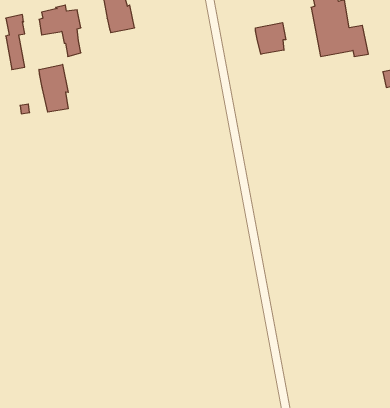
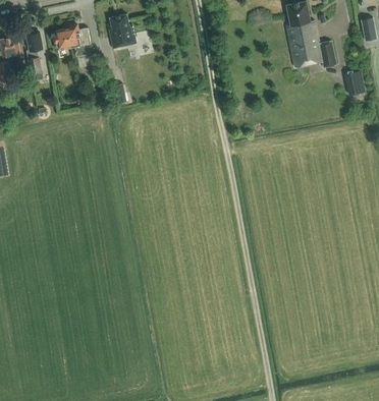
building: [256,23,286,54] -> none
building: [39,64,68,112] -> none

